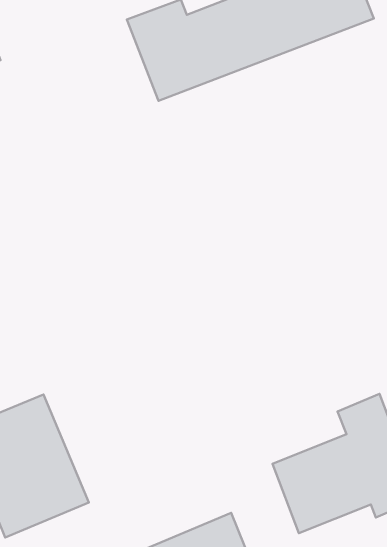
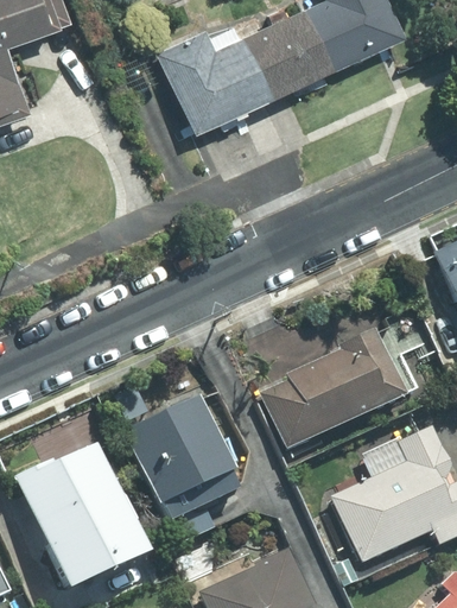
building: none -> [255,328,415,464]
building: none -> [127,400,239,519]

